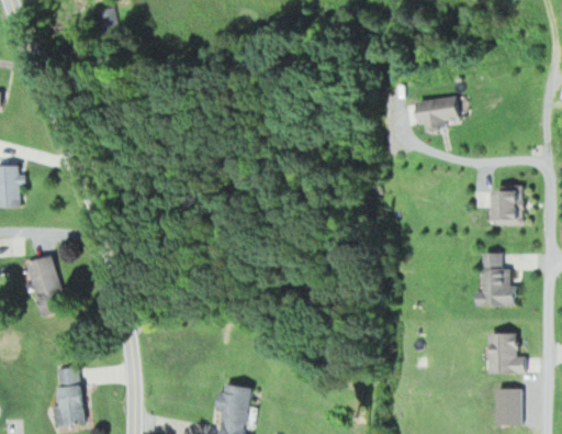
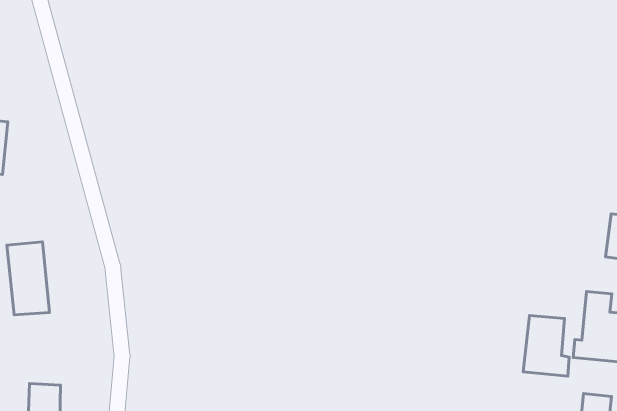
building: [418,94,462,131] -> none
building: none -> [523,316,569,376]

